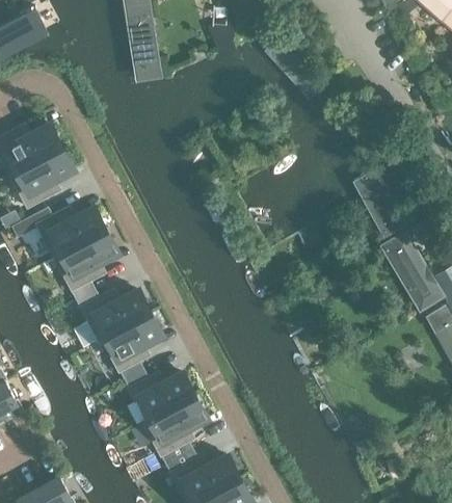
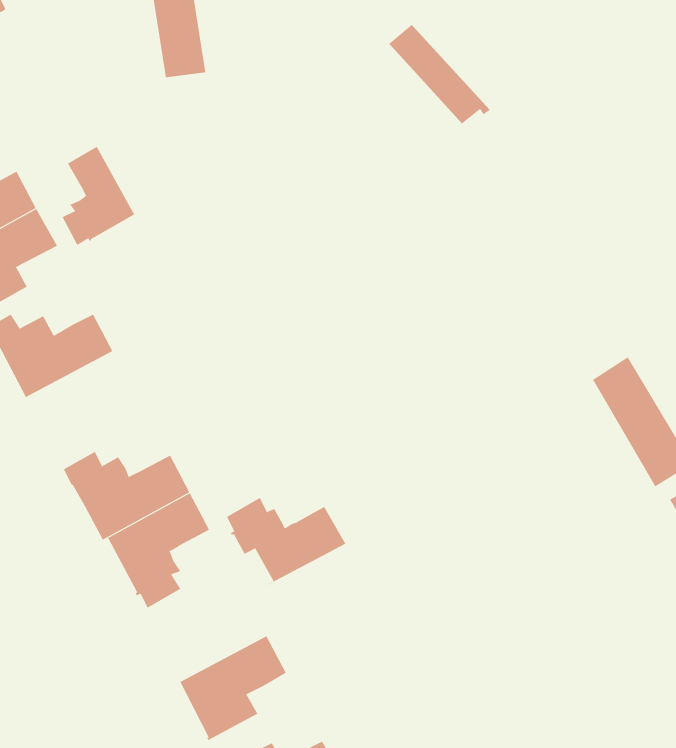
building: none -> [62,146,137,246]
building: [353,170,406,237] -> none
building: [54,231,116,299] -> none
building: [125,369,194,423] -> [226,497,346,590]

